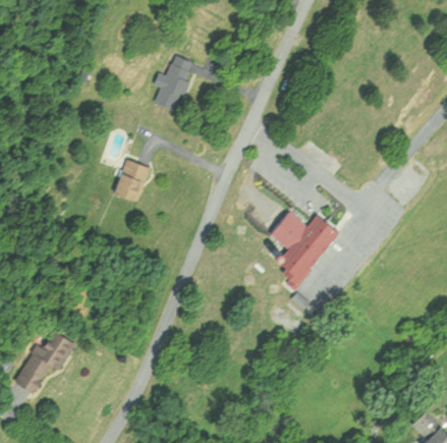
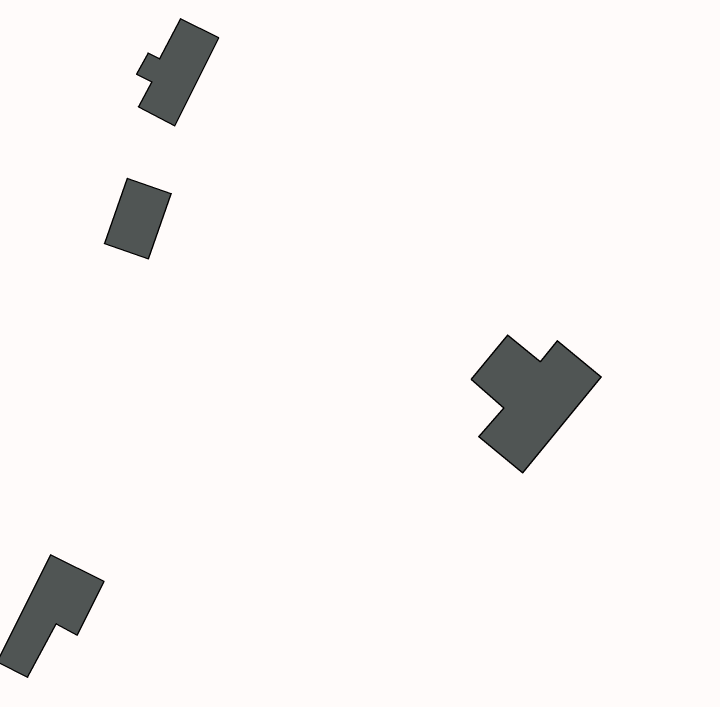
building: [154,55,198,112] -> [137,19,219,126]
building: [114,160,150,203] -> [104,178,171,259]

